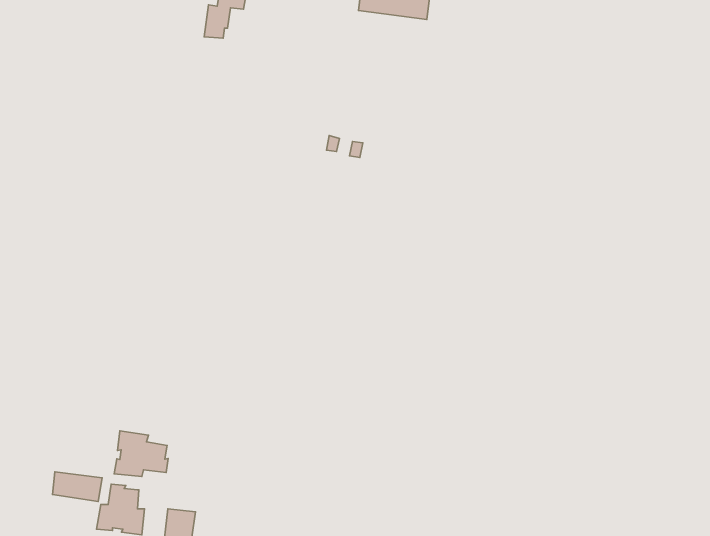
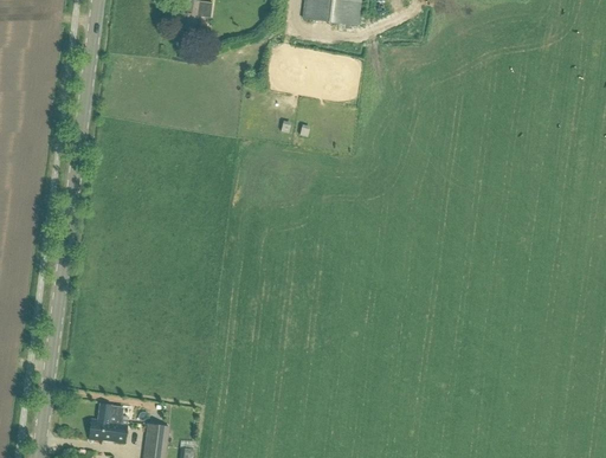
building: [114,431,168,476] -> none
building: [52,472,102,502] -> none

